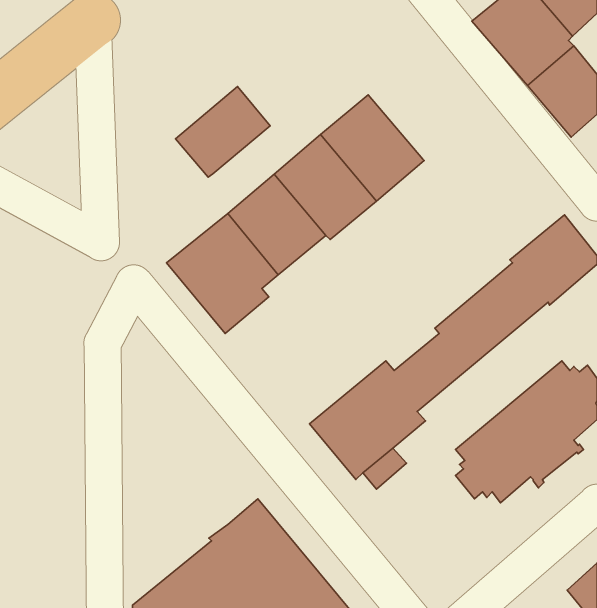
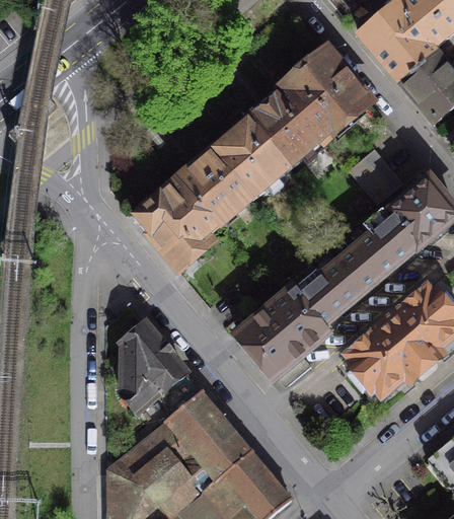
building: none -> [282,50,370,139]
building: [176,86,270,177] -> none
building: none -> [349,150,399,202]
building: none -> [123,323,201,410]

